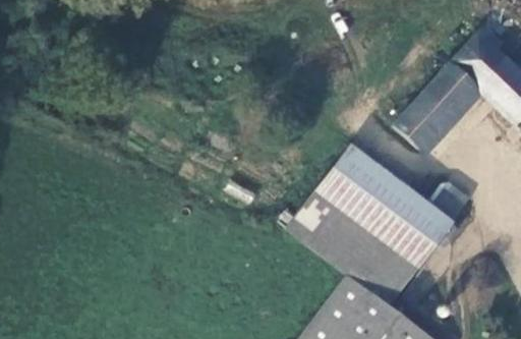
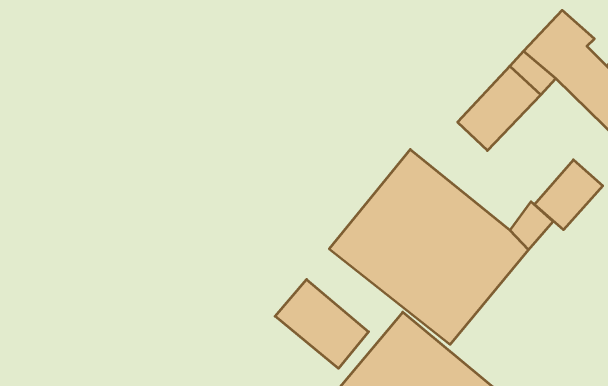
building: none -> [534,160,603,230]
building: none -> [275,279,369,368]

